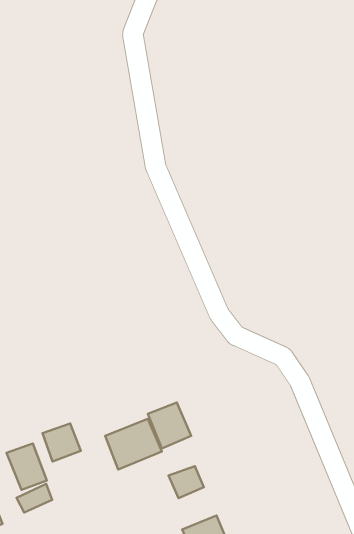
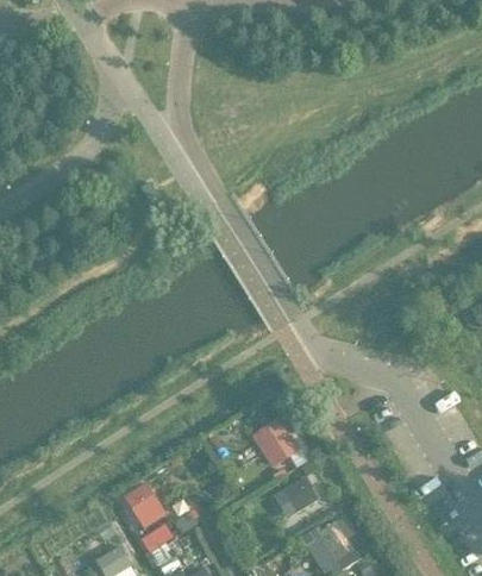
building: [105,419,162,469] -> none
building: [42,423,81,461] -> none

